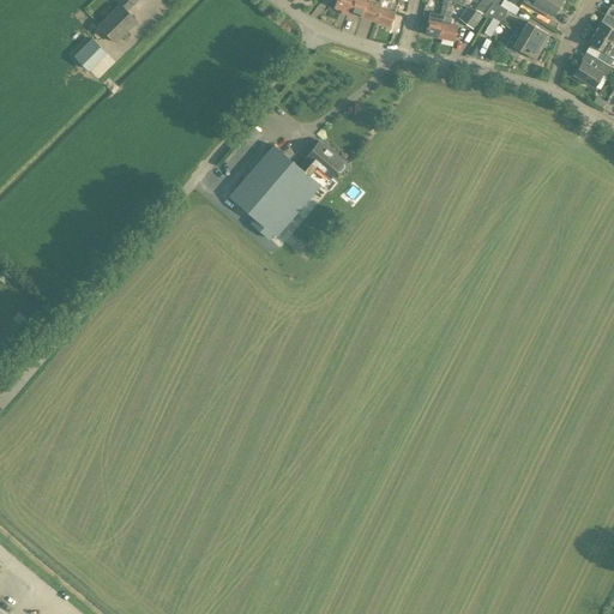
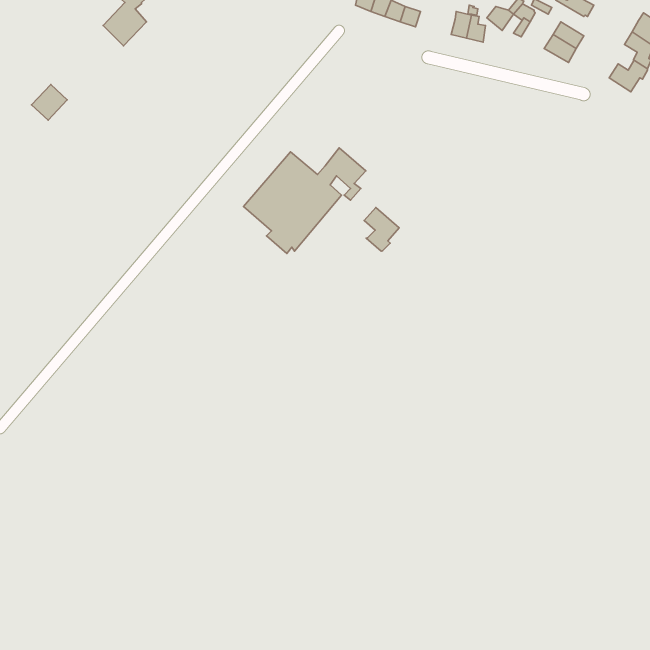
building: [71,36,104,70] -> [32,85,67,120]
building: none -> [364,208,399,251]

